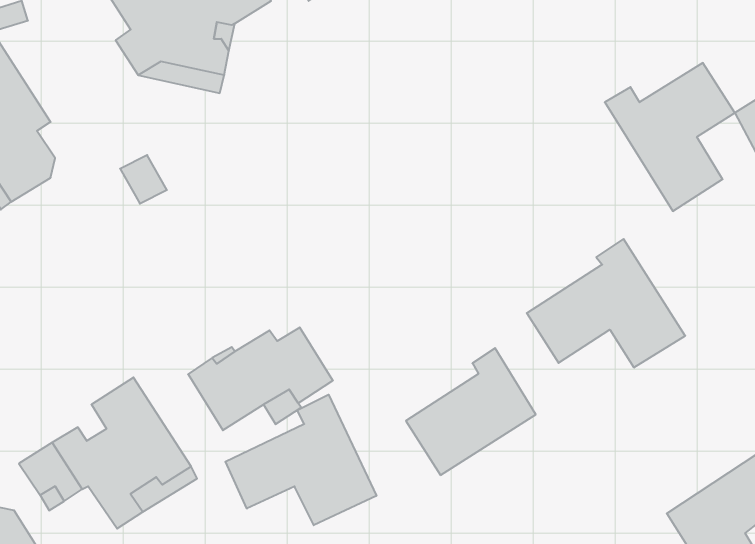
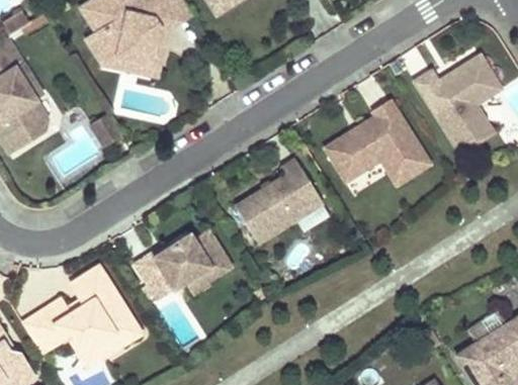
building: [527,239,685,367] -> [325,98,431,184]
building: [406,348,536,475] -> [236,158,323,243]
building: [225,395,376,525] -> none

